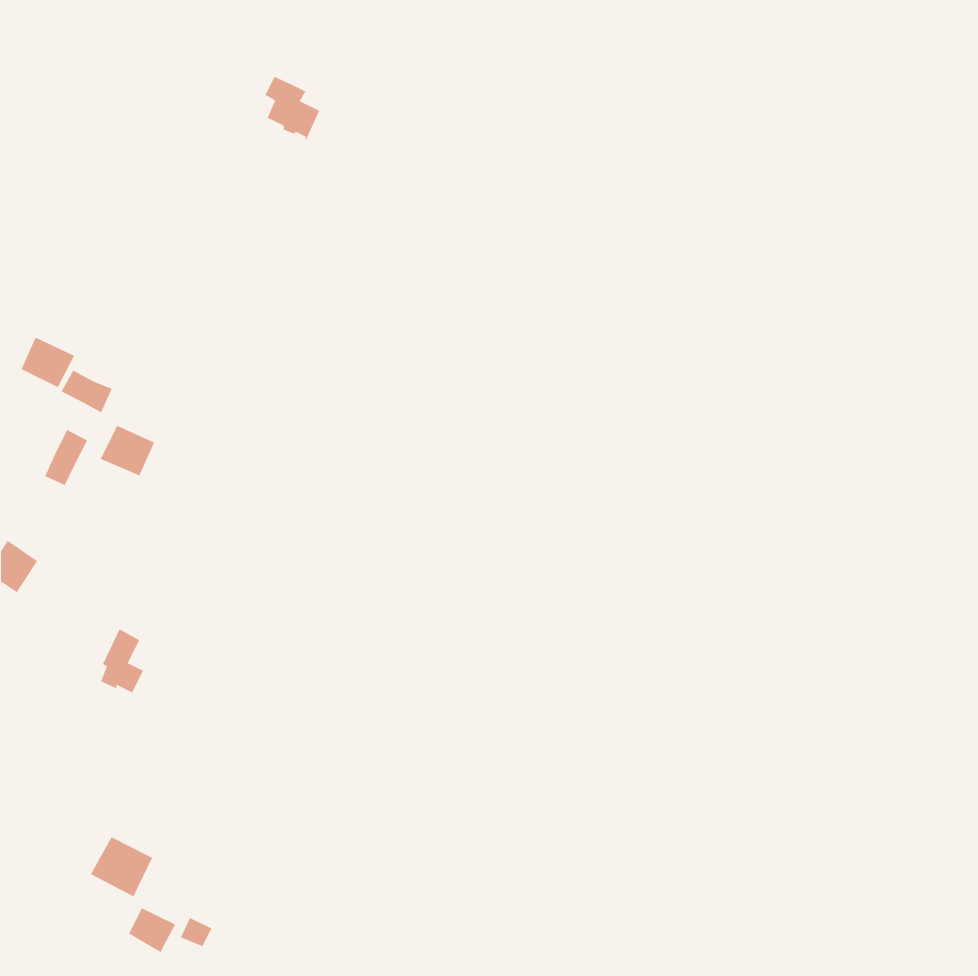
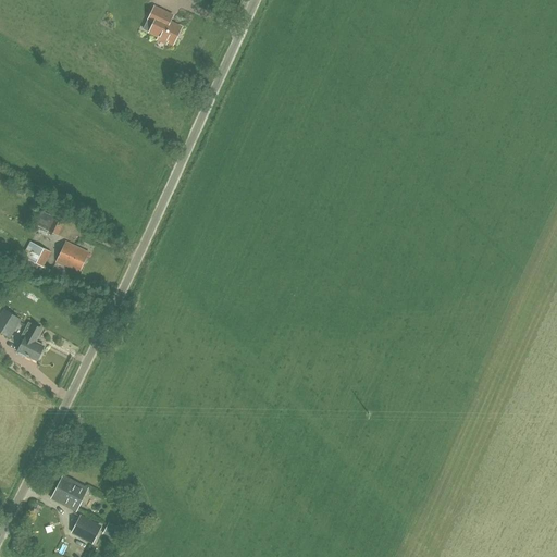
building: [265,76,320,141] -> [149,7,181,44]
building: [20,336,75,388] -> none
building: [100,628,144,693] -> [17,321,42,358]

